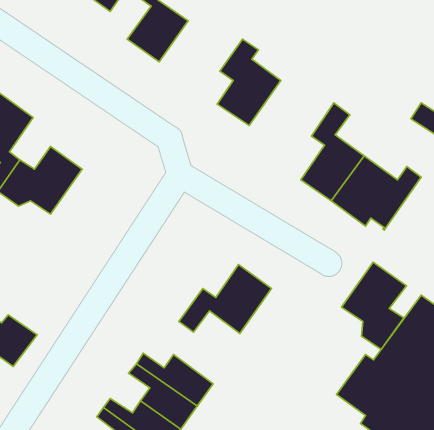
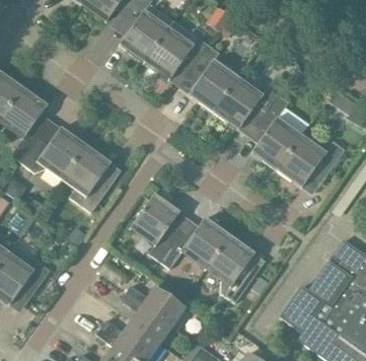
building: none -> [144,29,208,79]
building: none -> [213,75,278,129]
building: none -> [61,143,112,212]
building: none -> [130,193,180,260]
building: [342,262,406,349] -> [206,234,255,301]

